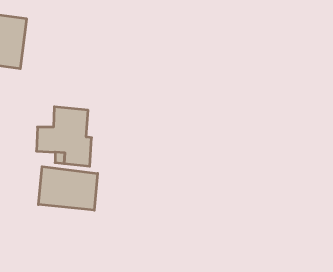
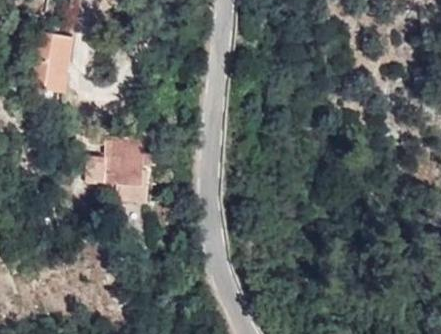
building: [38,167,98,210] -> none

